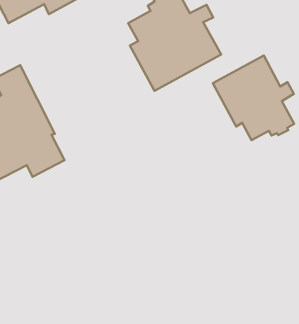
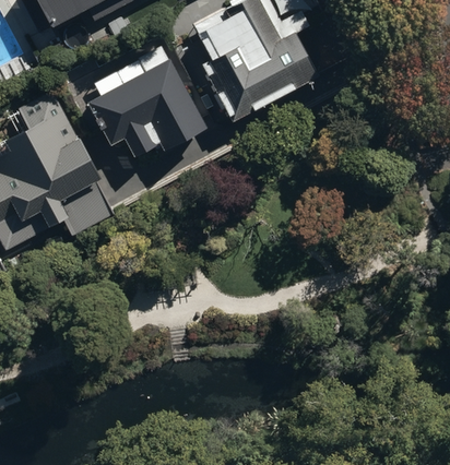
building: none -> [87,45,208,157]
building: [213,55,294,140] -> none

